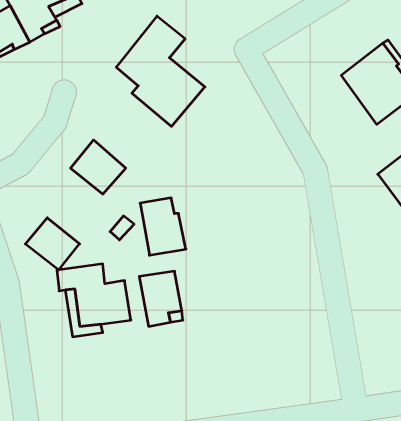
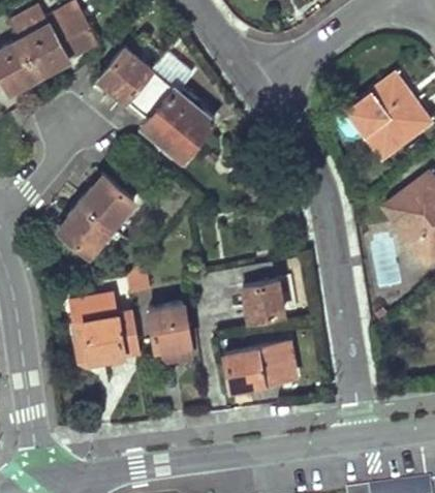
building: none -> [98,49,150,101]
building: [140,198,186,255] -> [239,263,284,319]
building: [25,218,80,270] -> [58,202,112,253]
building: none -> [223,342,296,388]

